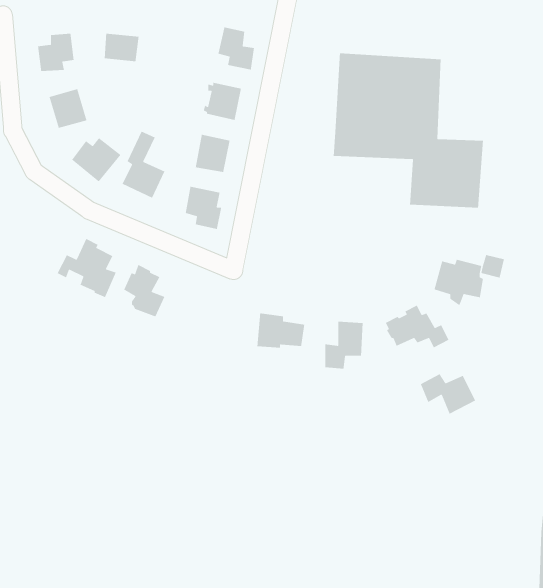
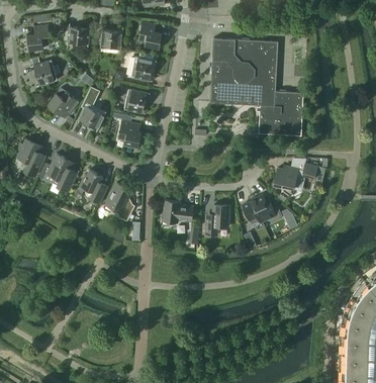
building: none -> [100,30,123,51]
building: none -> [17,139,43,177]
building: none -> [106,183,134,221]
building: [420,373,476,415] -> none

